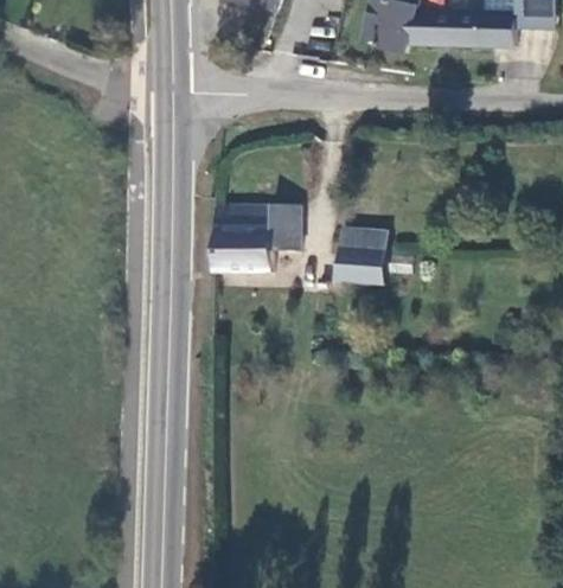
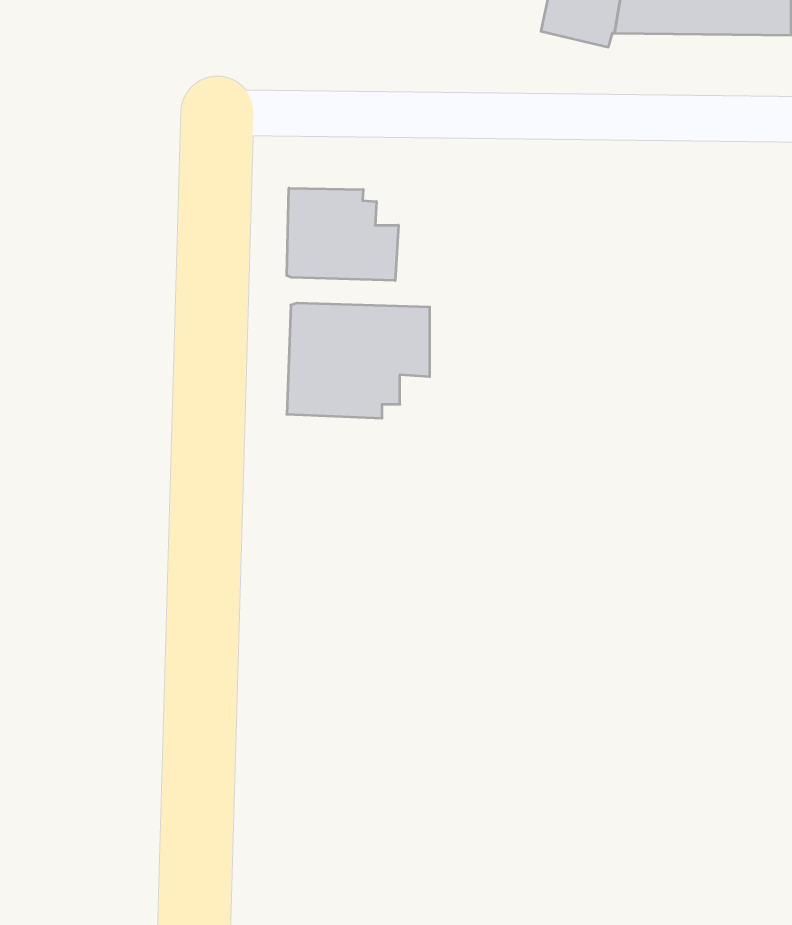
building: none -> [287,188,398,281]
building: [338,209,389,282] -> none

